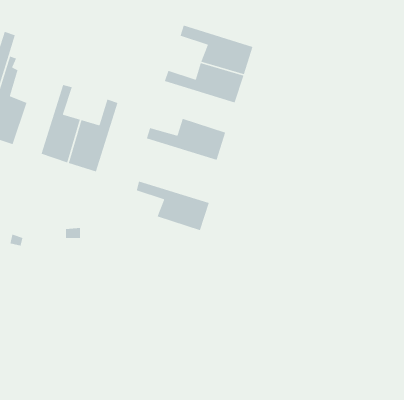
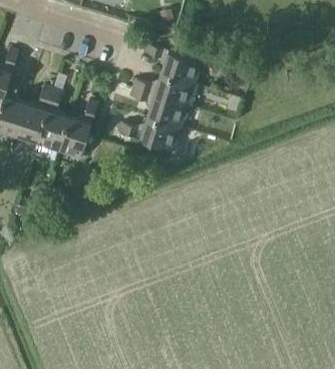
building: none -> [16,86,54,144]
building: [136,180,210,231] -> [130,88,188,127]

